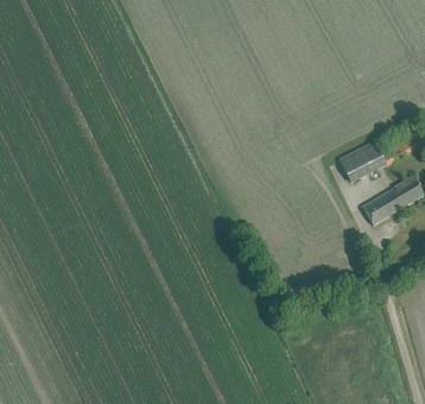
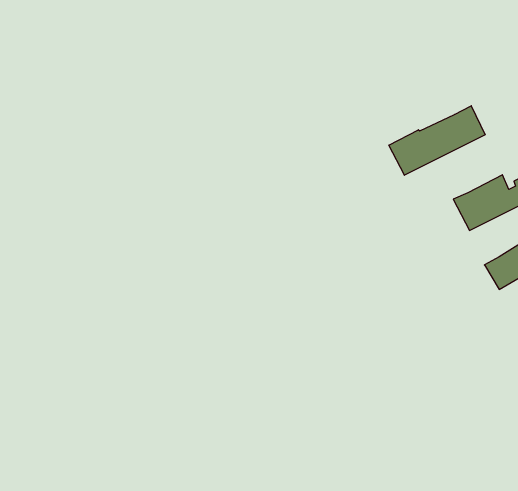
building: none -> [389,106,485,175]

